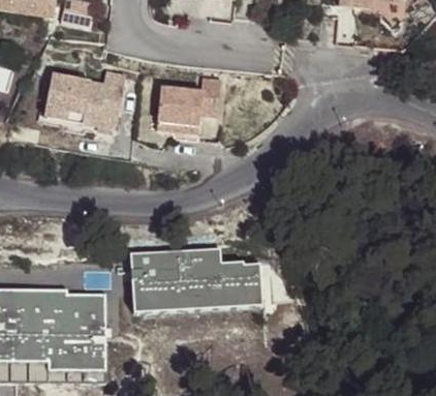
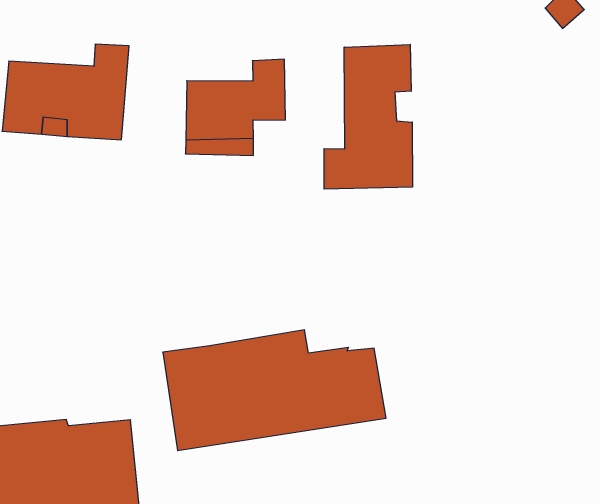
building: none -> [324,44,412,189]

